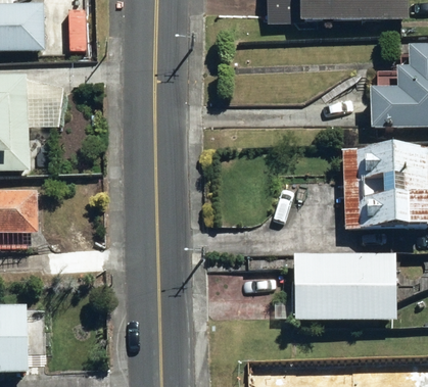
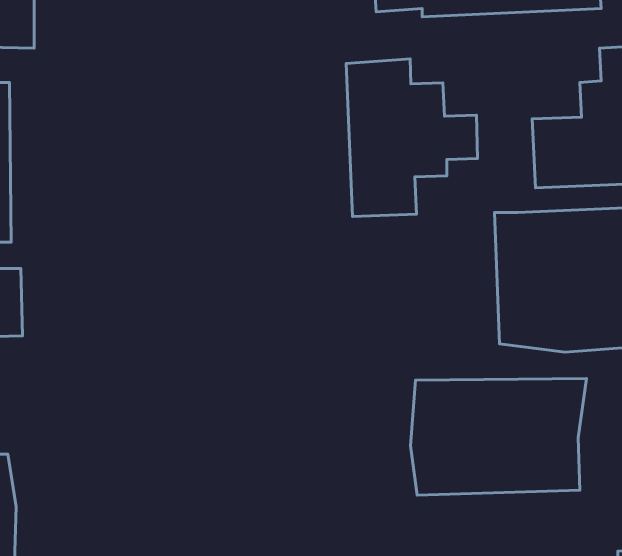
building: none -> [346,59,478,216]

